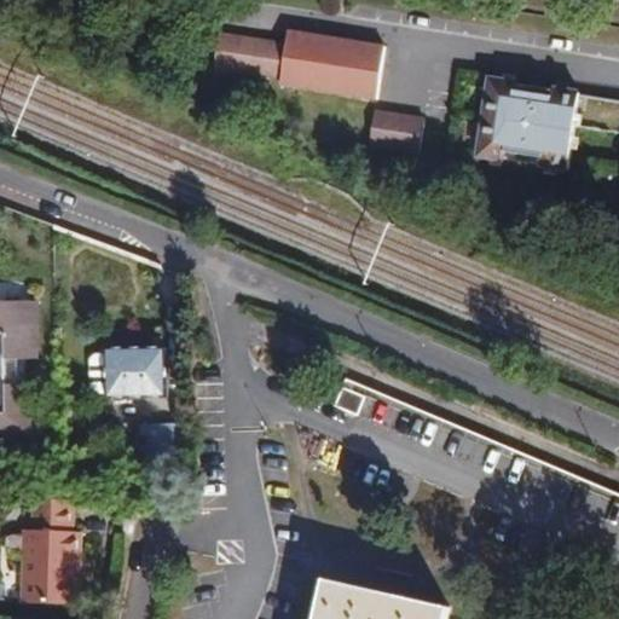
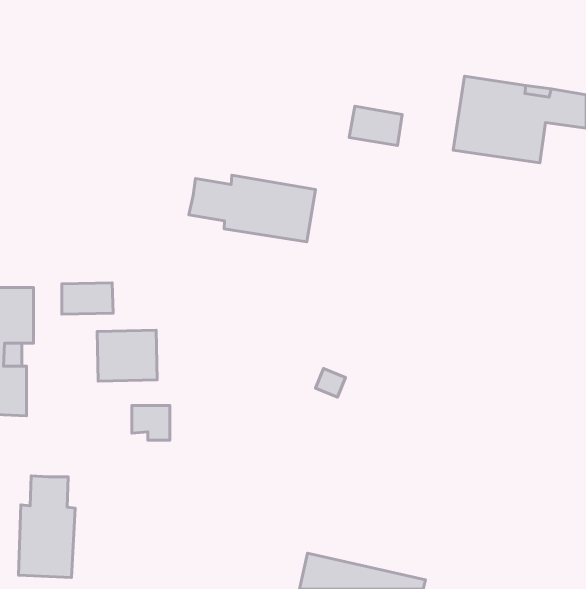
building: [210,30,382,102] -> none
building: none -> [189,175,315,242]
building: none -> [62,283,113,314]

